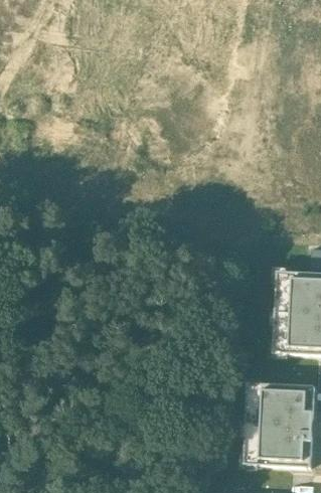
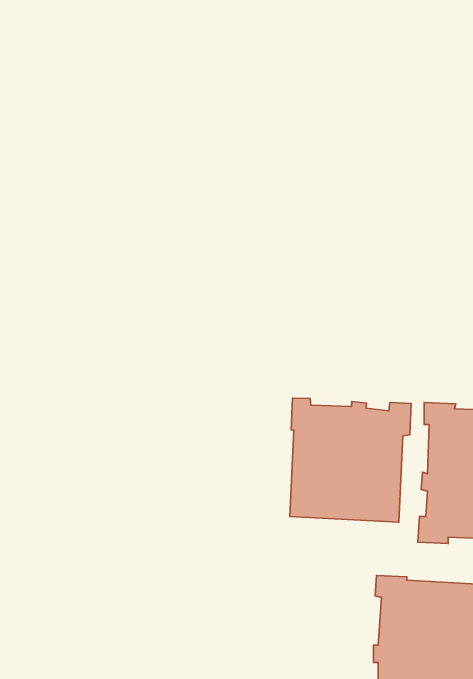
building: none -> [290,398,411,522]

